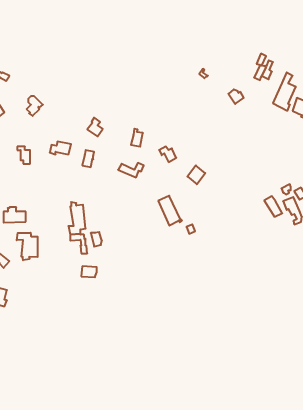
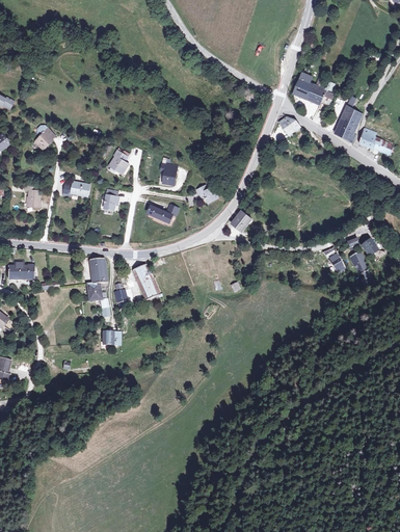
building: none -> [292,72,319,102]
building: [158,196,182,226] -> [132,264,161,300]
building: [17,233,38,260] -> none

